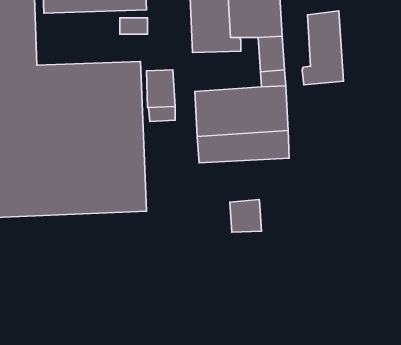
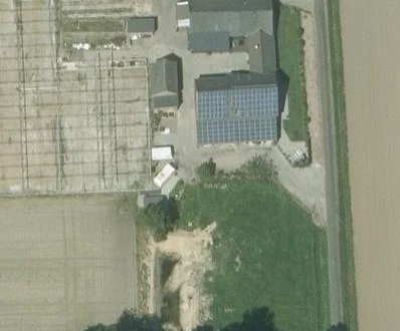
building: [302,11,343,85] -> none
building: [230,200,261,232] -> none

